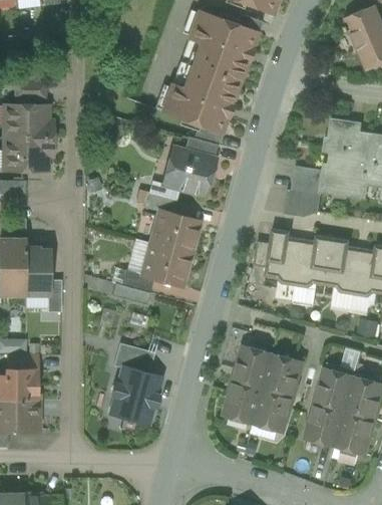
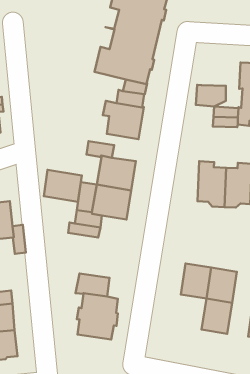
building: [283,190,320,217] -> [196,85,226,106]
building: none -> [44,170,82,202]
building: [224,381,263,424] -> none

